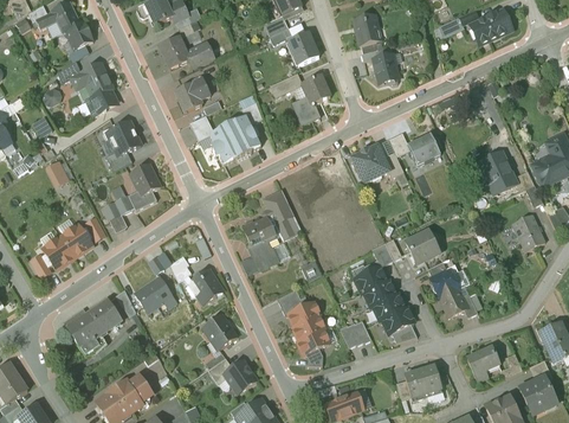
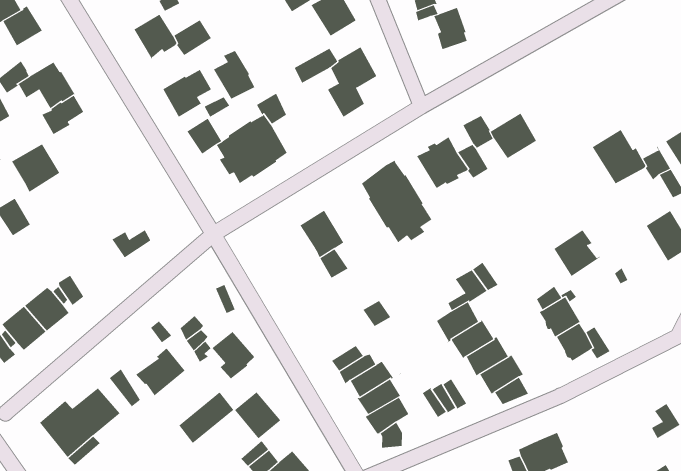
building: none -> [213,50,255,100]
building: [105,121,140,155] -> [11,143,60,193]
building: none -> [361,160,432,243]
building: [129,162,159,196] -> none
building: [101,193,134,231] -> none
building: [243,214,276,269] -> none
building: [405,230,438,263] -> [553,229,600,277]
building: none -> [178,391,234,444]
building: [466,346,498,380] -> none

